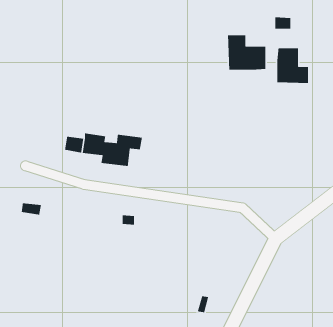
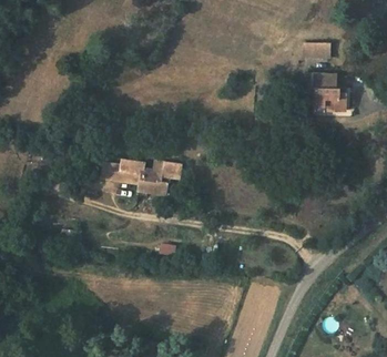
building: [227,35,266,71] -> none

